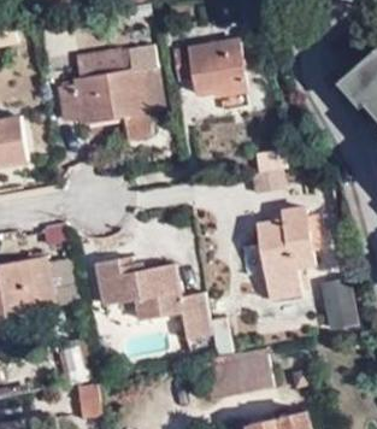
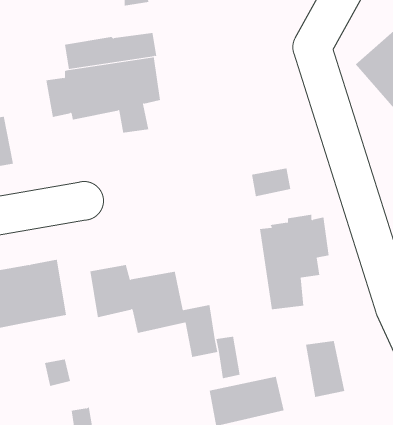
building: [177,40,254,98] -> none
building: [323,281,359,333] -> [305,341,345,398]

